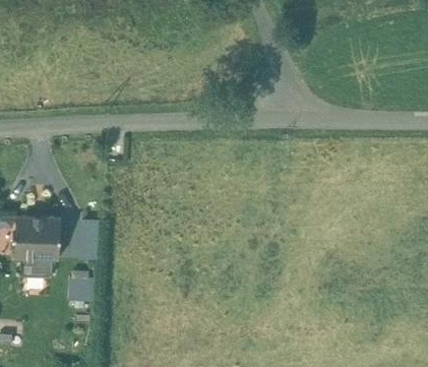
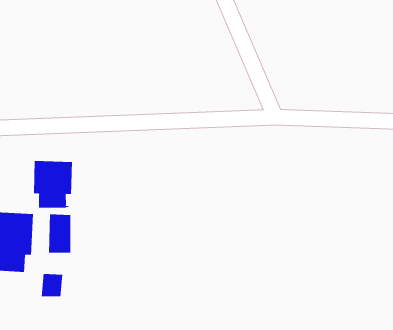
building: none -> [33,160,72,208]

